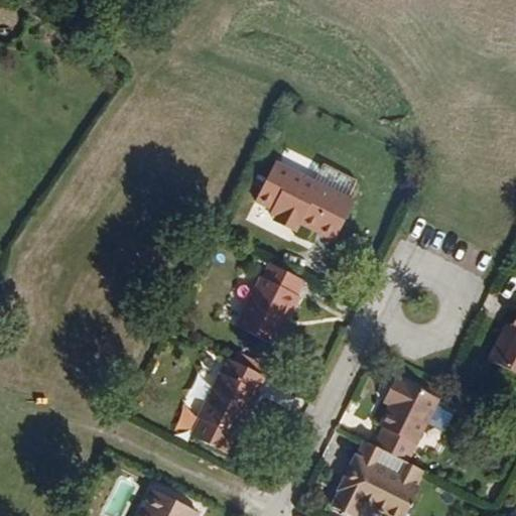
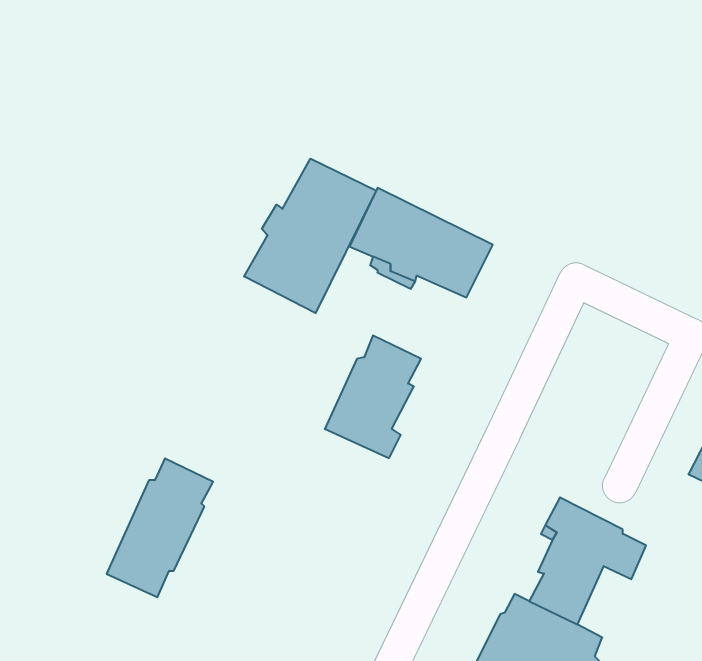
building: none -> [244,159,376,313]
building: [189,353,263,448] -> [107,458,213,597]

